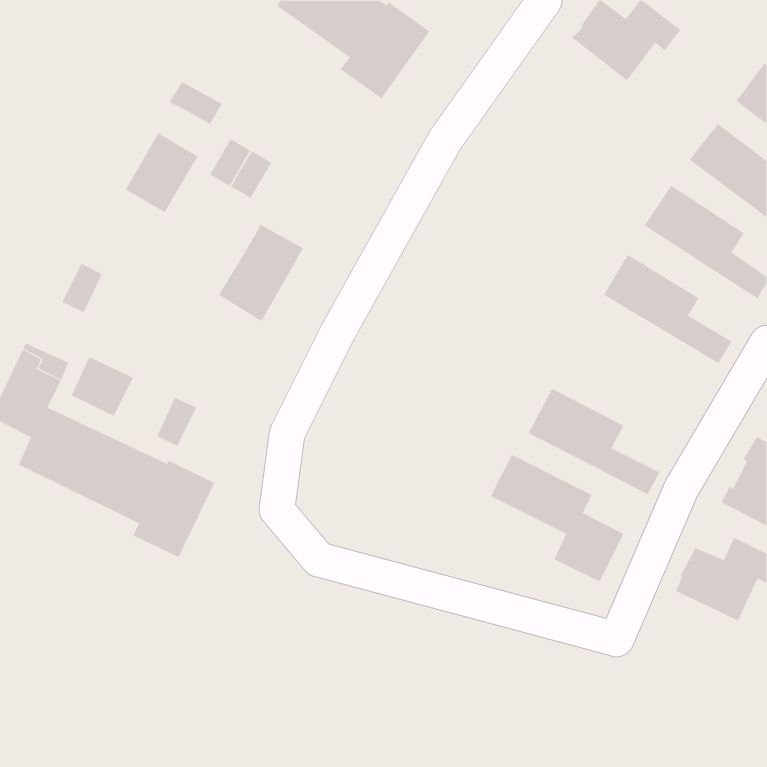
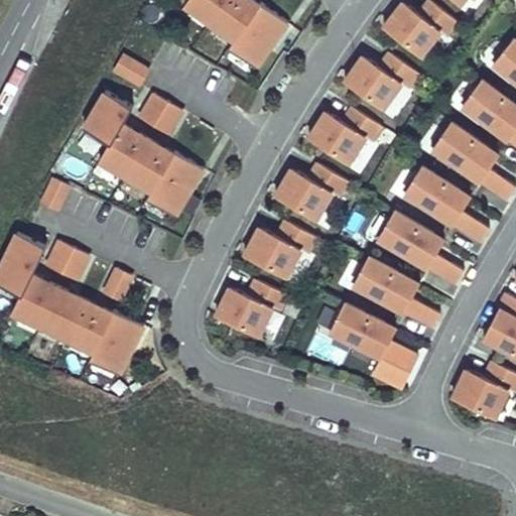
building: none -> [344,52,417,109]
building: none -> [308,107,381,163]
building: none -> [100,123,173,190]
building: none -> [275,163,347,219]
building: none -> [378,217,465,287]
building: none -> [245,221,315,276]
building: none -> [217,279,286,336]

